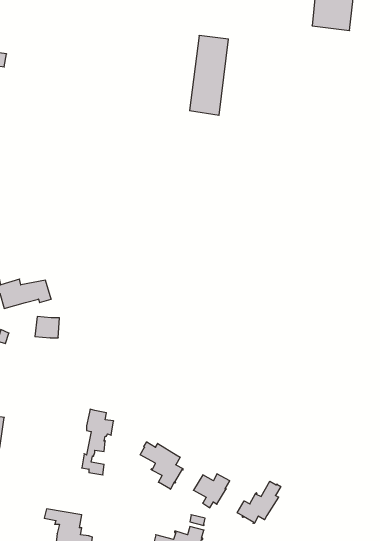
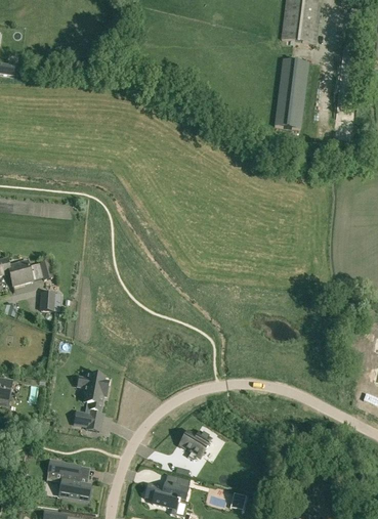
building: [190,36,228,115] -> [275,58,308,128]
building: [140,442,183,489] -> none
building: [237,481,281,523] -> none

